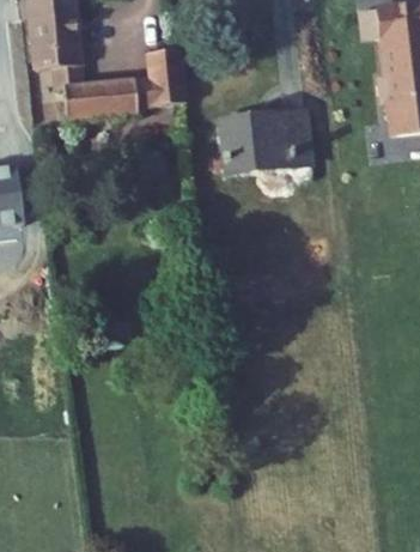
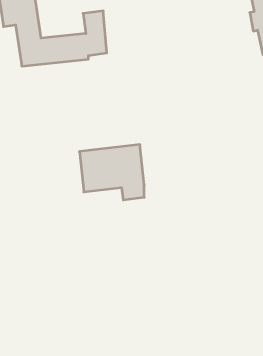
building: [218,113,306,188] -> [79,145,144,200]

